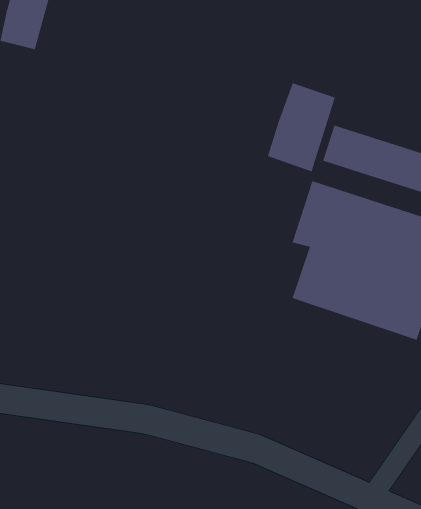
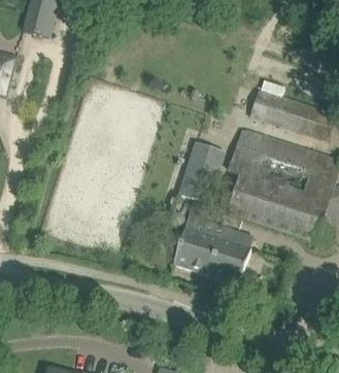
building: [267,82,336,172] -> none
building: none -> [174,143,249,282]

